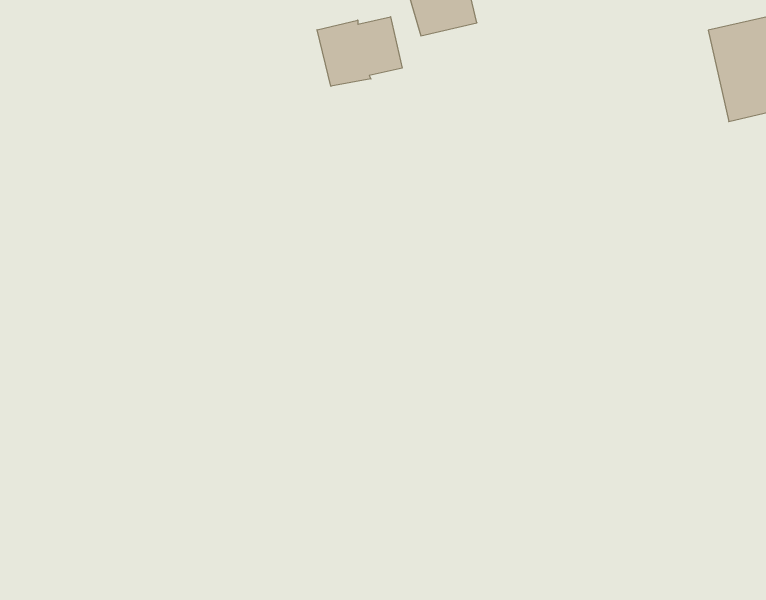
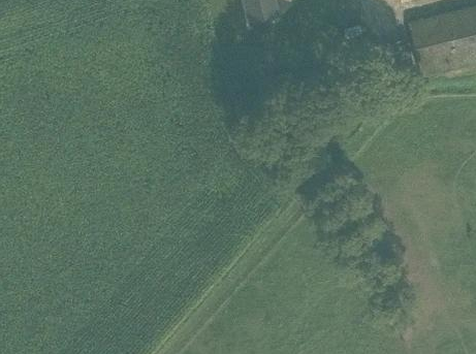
building: [317,17,402,86] -> none

